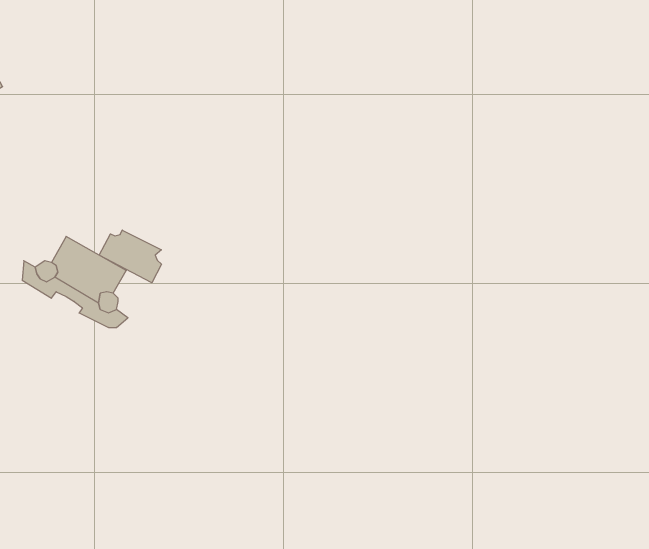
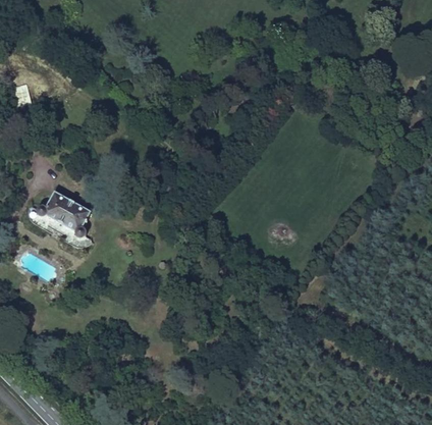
building: [99,230,161,283] -> none

